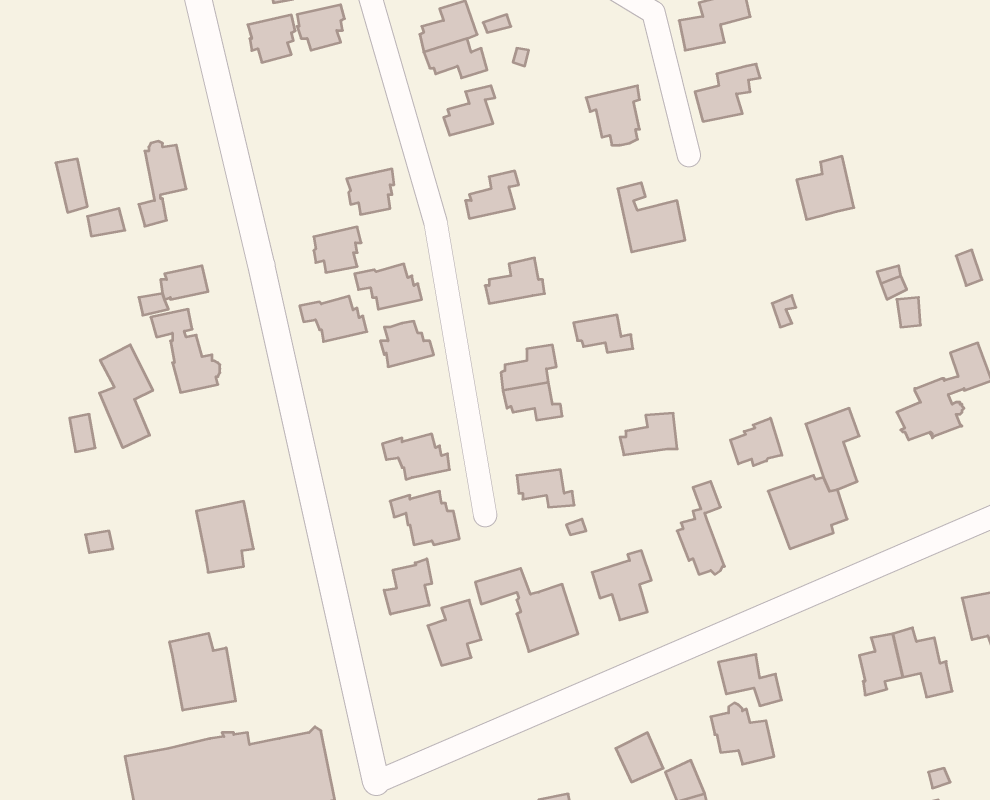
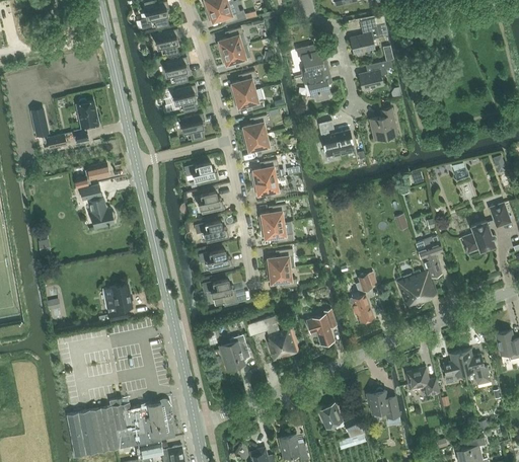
building: [248,15,295,62] -> [163,57,188,81]
building: none -> [295,46,328,77]
building: none -> [232,90,264,110]
building: [797,156,854,219] -> [368,107,397,140]
building: none -> [242,134,274,154]
building: [314,227,361,272] -> [172,85,197,108]
building: [300,296,367,342] -> [194,220,228,243]
building: [574,315,633,352] -> [252,178,283,198]
building: [99,345,153,448] -> none
building: [620,413,677,455] -> [265,249,294,271]
building: [730,418,782,466] -> none
building: [384,559,432,614] -> none
building: [170,633,236,710] -> none
building: [718,654,782,706] -> [405,368,438,394]

